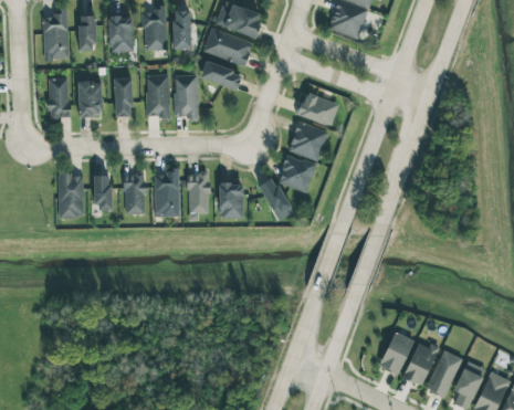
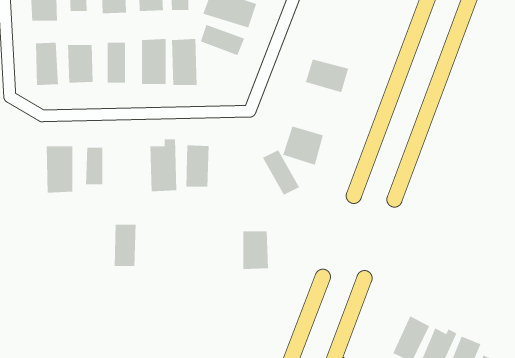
building: [289,120,328,160] -> none
building: [125,174,146,213] -> [114,224,136,267]
building: [220,182,244,219] -> [242,231,269,270]

